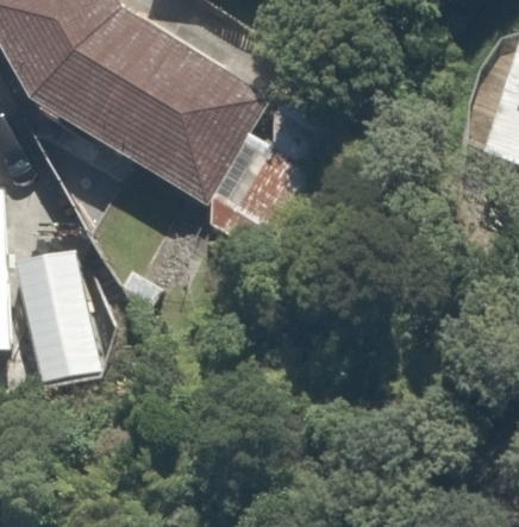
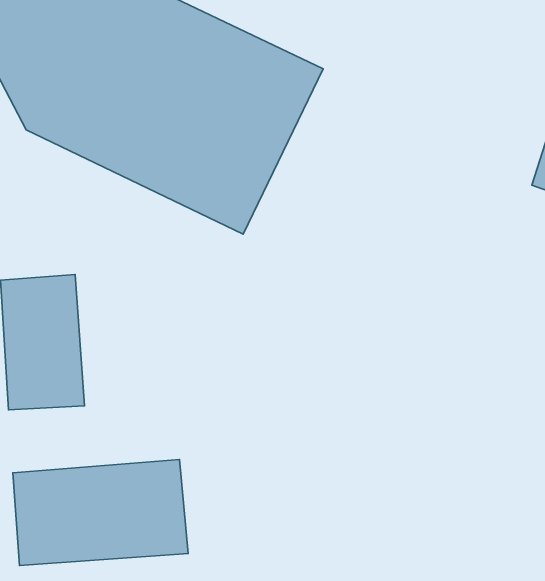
building: none -> [13,459,188,566]

